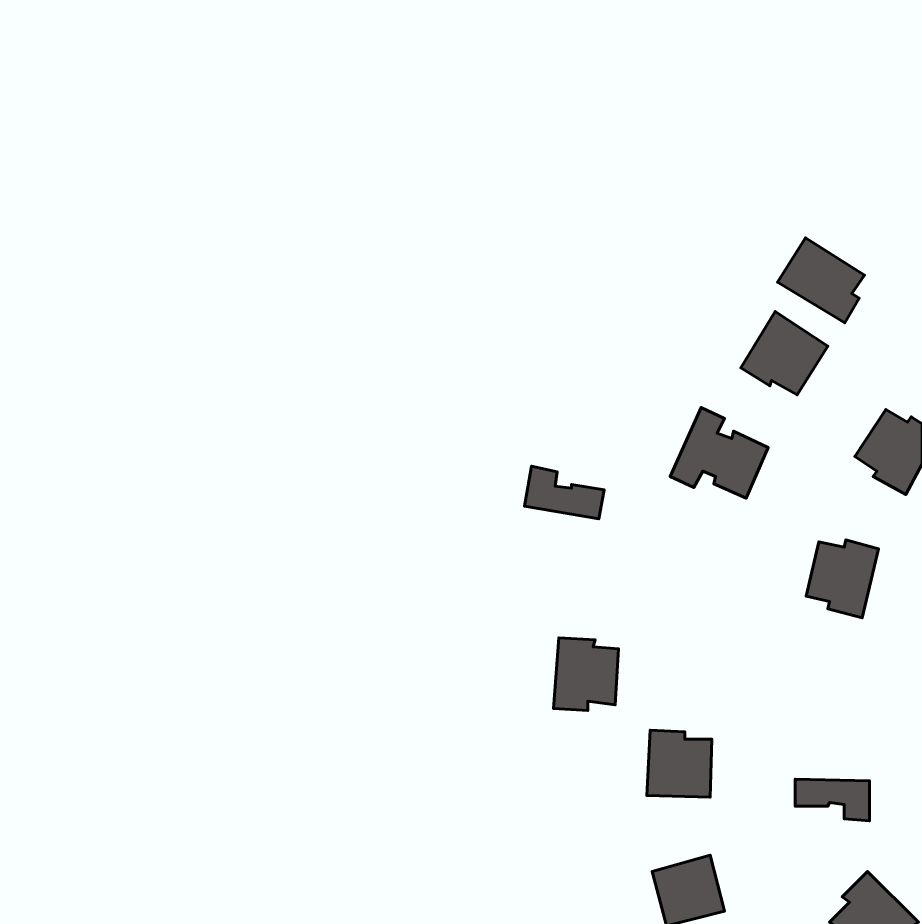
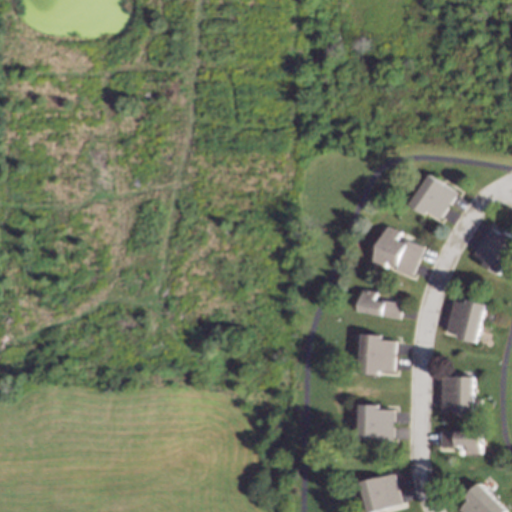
building: [778,238,865,323] -> none
building: [524,466,604,519] -> [358,289,402,318]
building: [553,638,619,710] -> [359,334,395,374]
building: none -> [439,376,473,412]

